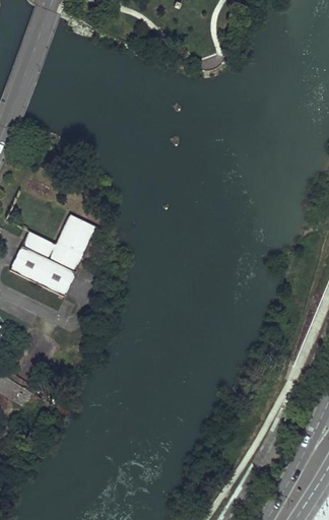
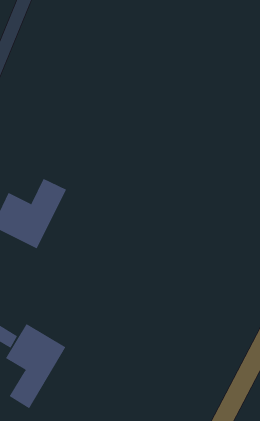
building: none -> [5,323,66,409]

